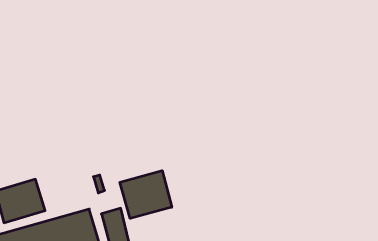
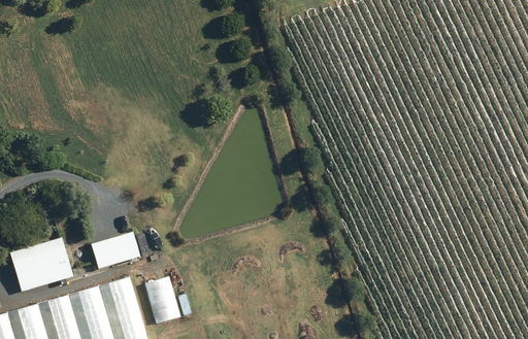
building: [120,171,172,218] -> none
building: none -> [90,233,138,272]

